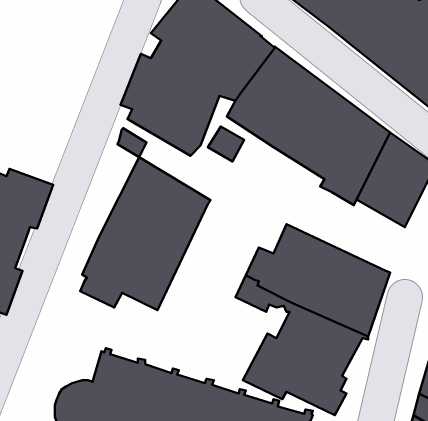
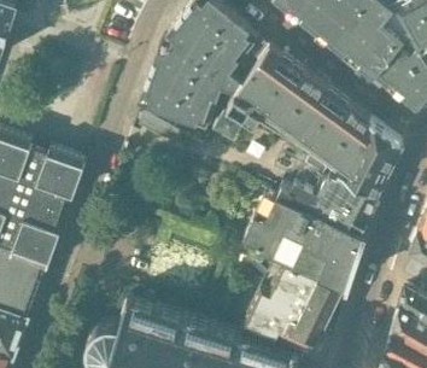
building: [80,157,210,310] -> none
building: none -> [279,162,376,233]

